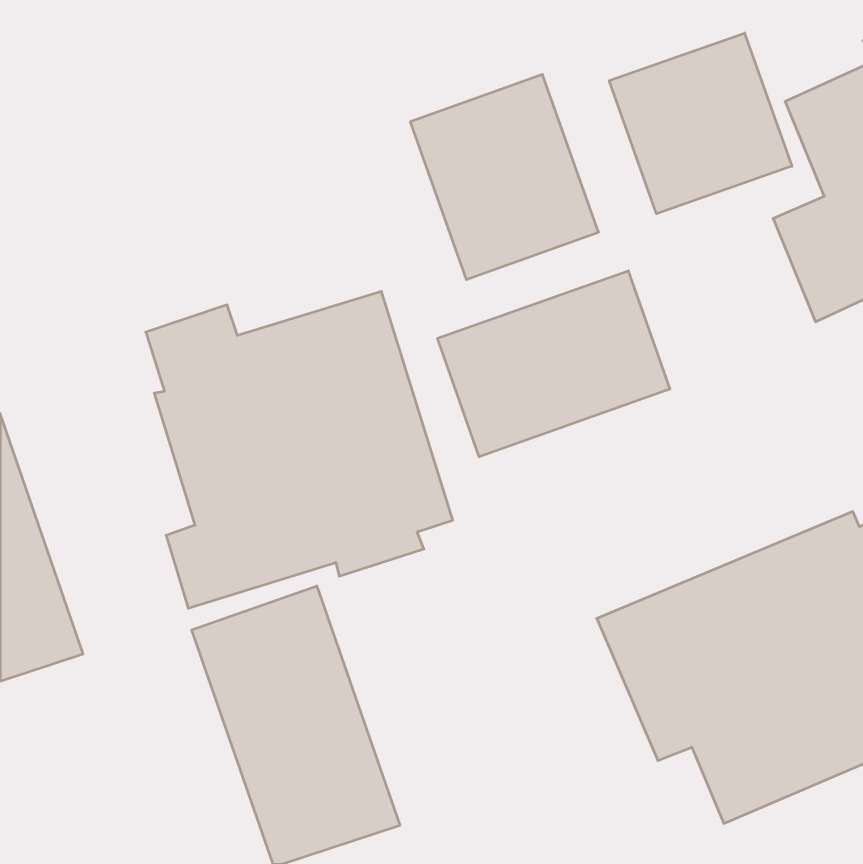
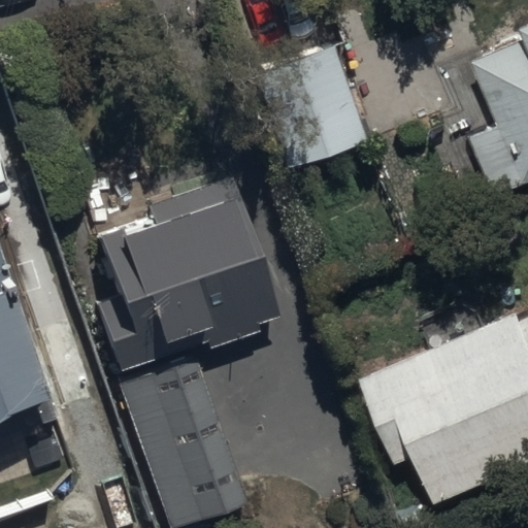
building: [609,33,792,214] -> none
building: [438,271,670,457] -> none

